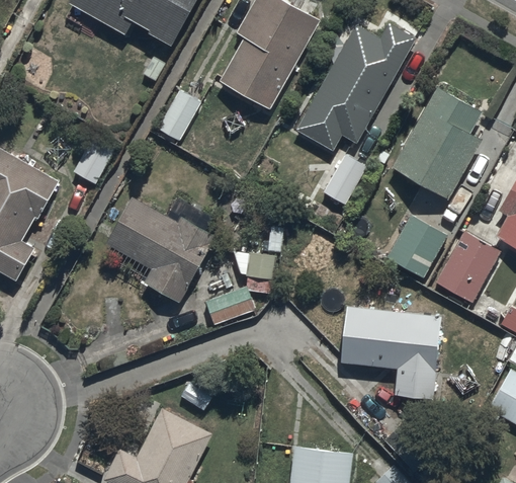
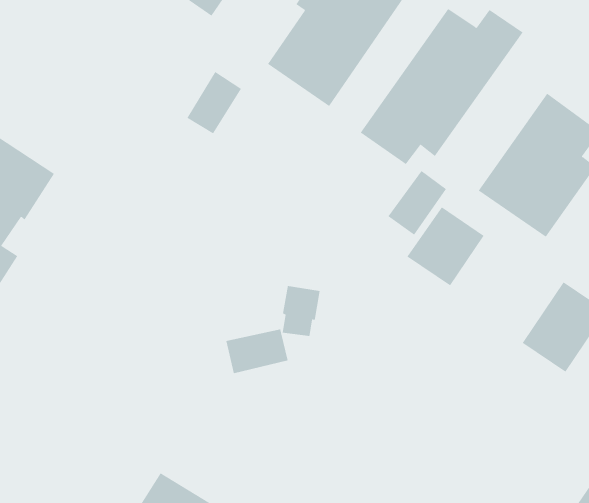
building: [104,196,216,303] -> none
building: [386,216,446,277] -> [406,206,484,286]
building: [340,307,441,399] -> none

